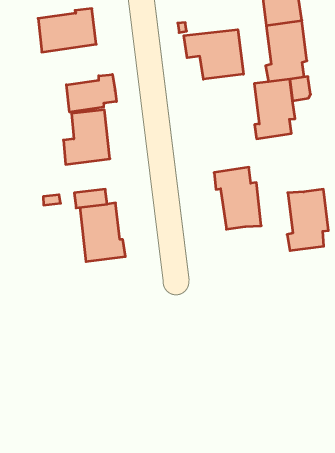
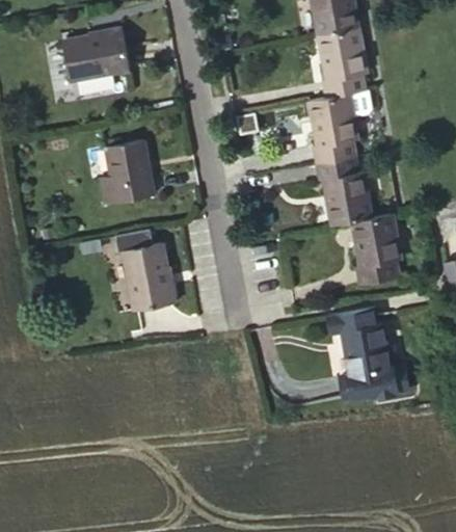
building: [184,30,243,79] -> none
building: [66,74,116,112] -> none
building: [214,167,261,229] -> [315,155,371,225]
building: none -> [323,309,409,399]

